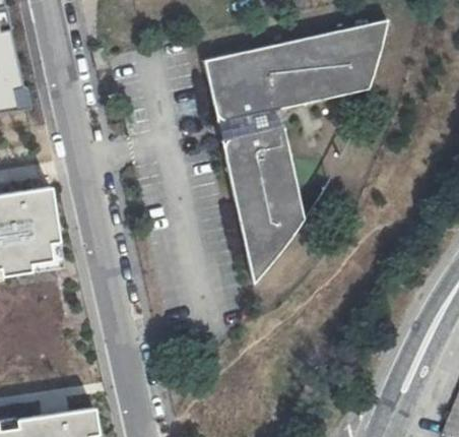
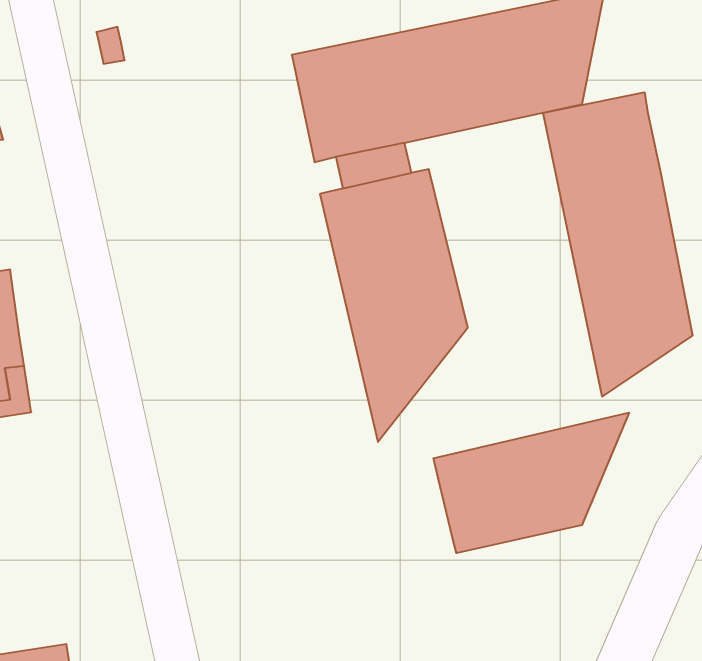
building: none -> [543,92,693,397]
building: none -> [433,413,629,553]

